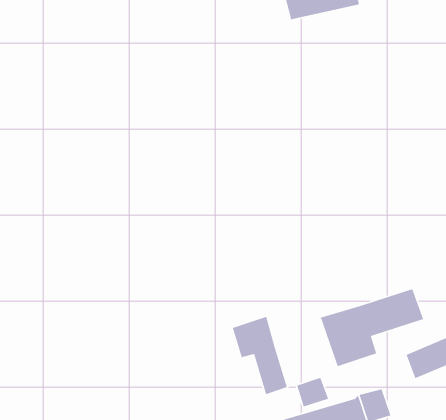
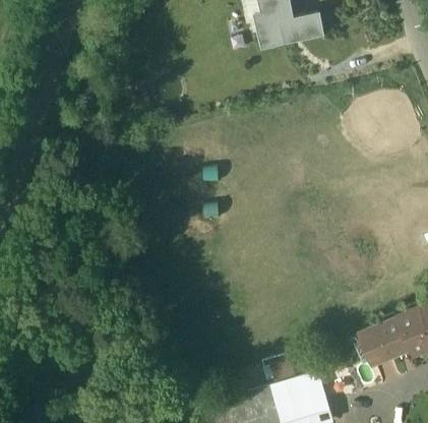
building: [320,288,424,367] -> none
building: [232,316,288,395] -> none

